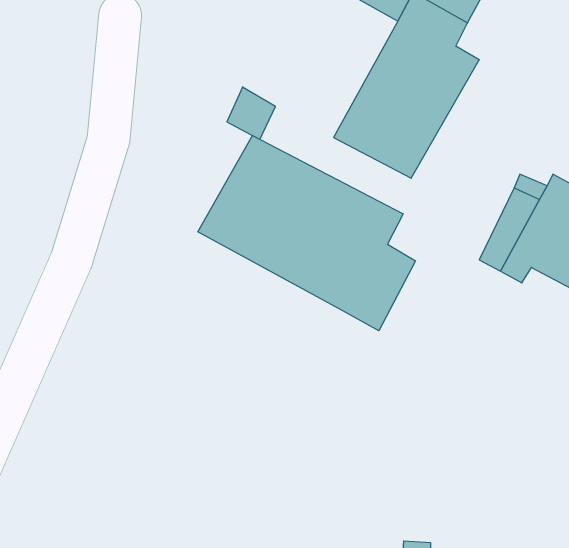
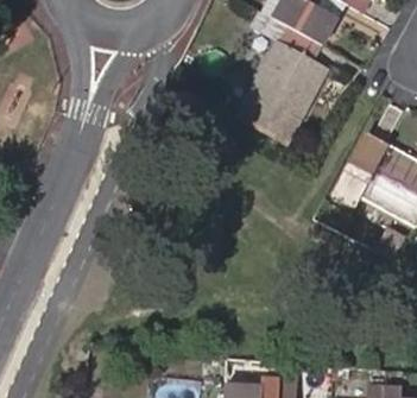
building: [198,136,415,331] -> none

